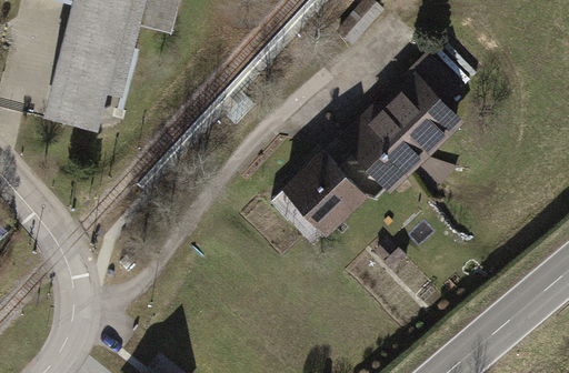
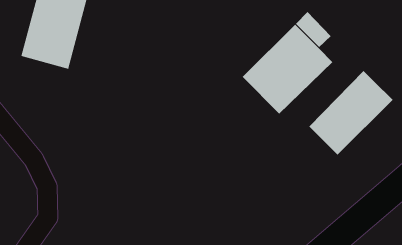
building: none -> [309,70,393,156]
building: [282,152,366,235] -> none

